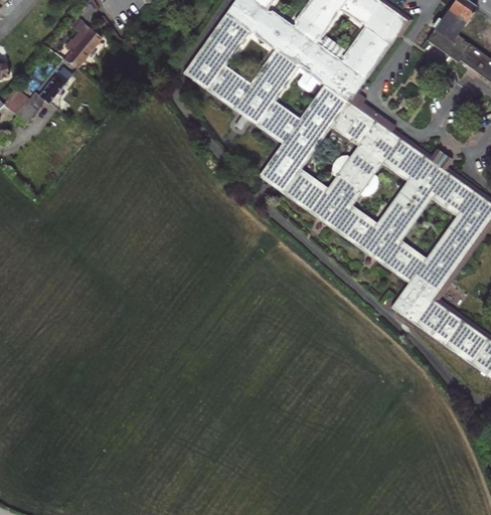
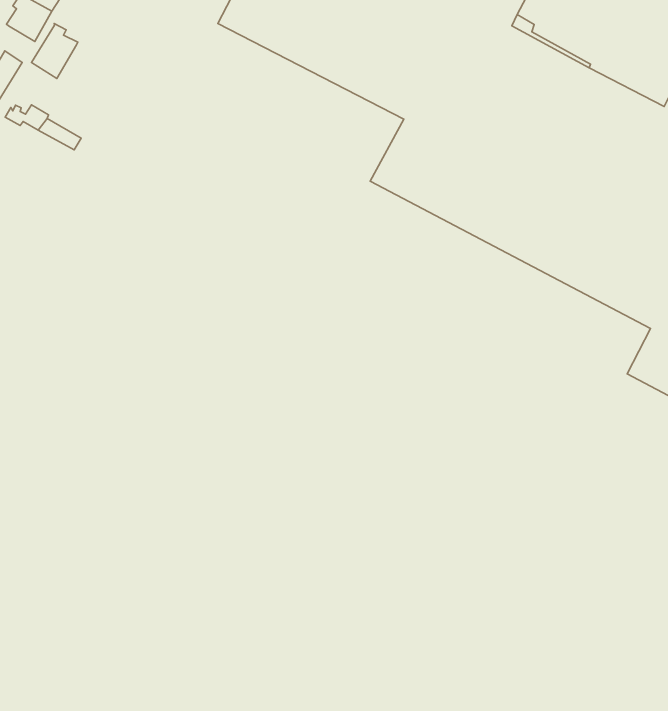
building: none -> [32,24,78,78]

